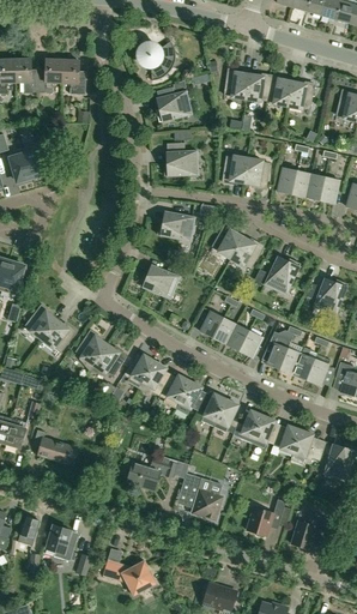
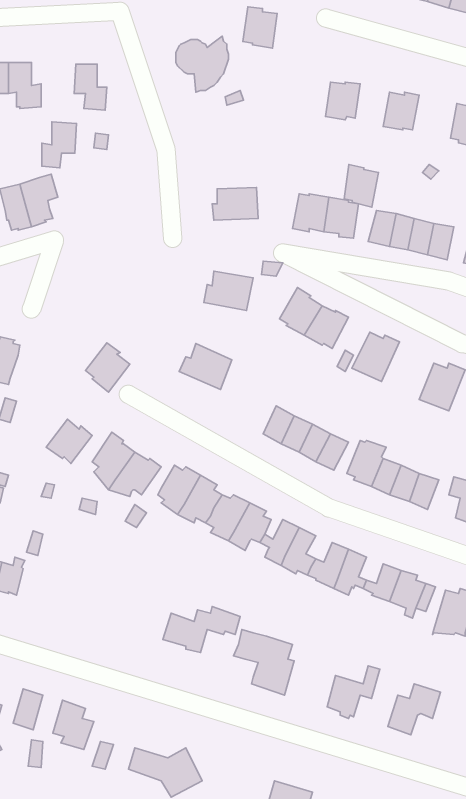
building: [38,59,63,92] -> [42,122,76,168]
building: [224,68,249,98] -> [243,7,277,48]
building: [267,74,292,106] -> [344,164,379,207]
building: [156,91,189,121] -> none
building: [25,303,58,339] -> [86,343,130,392]
building: [34,429,78,464] -> none

